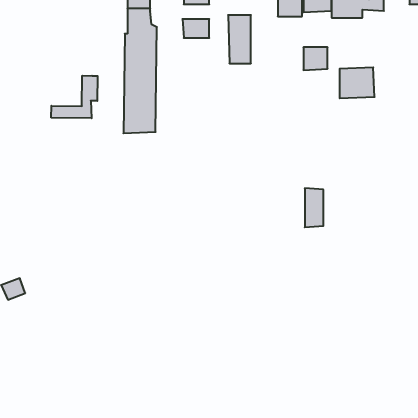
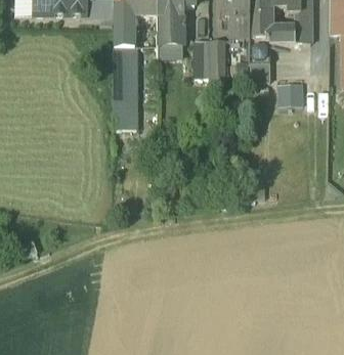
building: none -> [210,40,226,77]
building: [51,76,98,118] -> none

